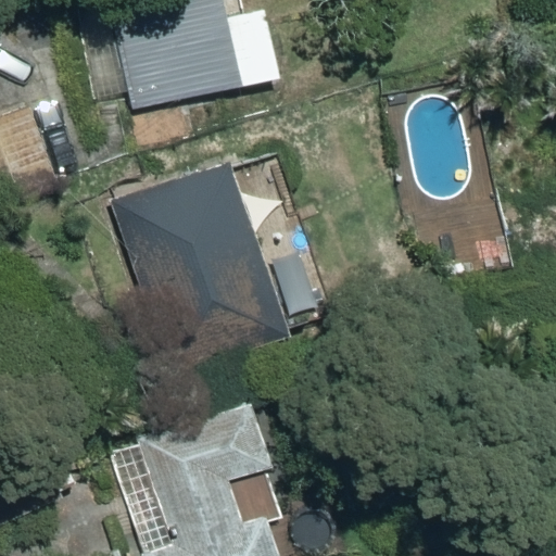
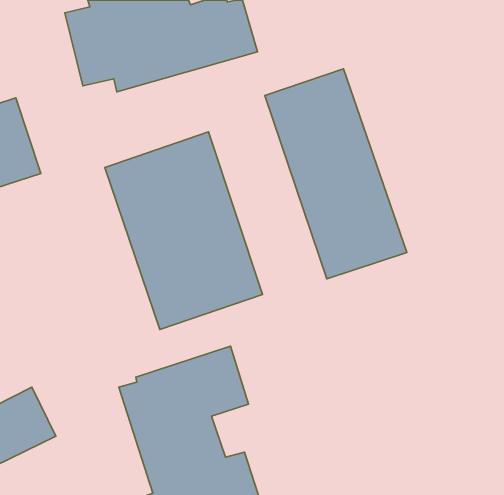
building: none -> [265,69,407,279]

